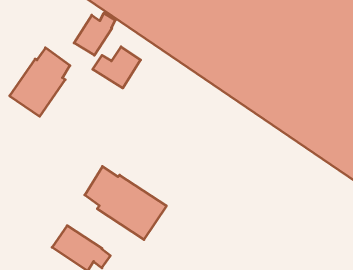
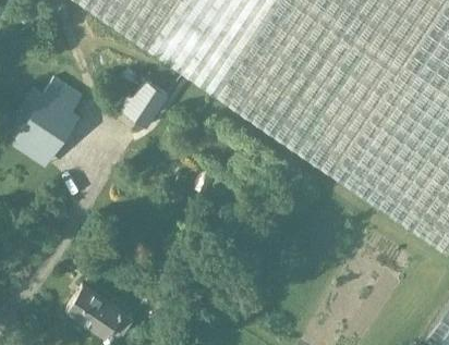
building: [74,13,115,55] -> none
building: [85,166,166,240] -> none

